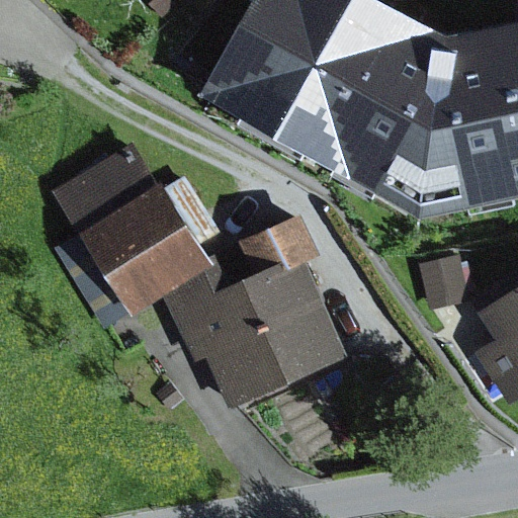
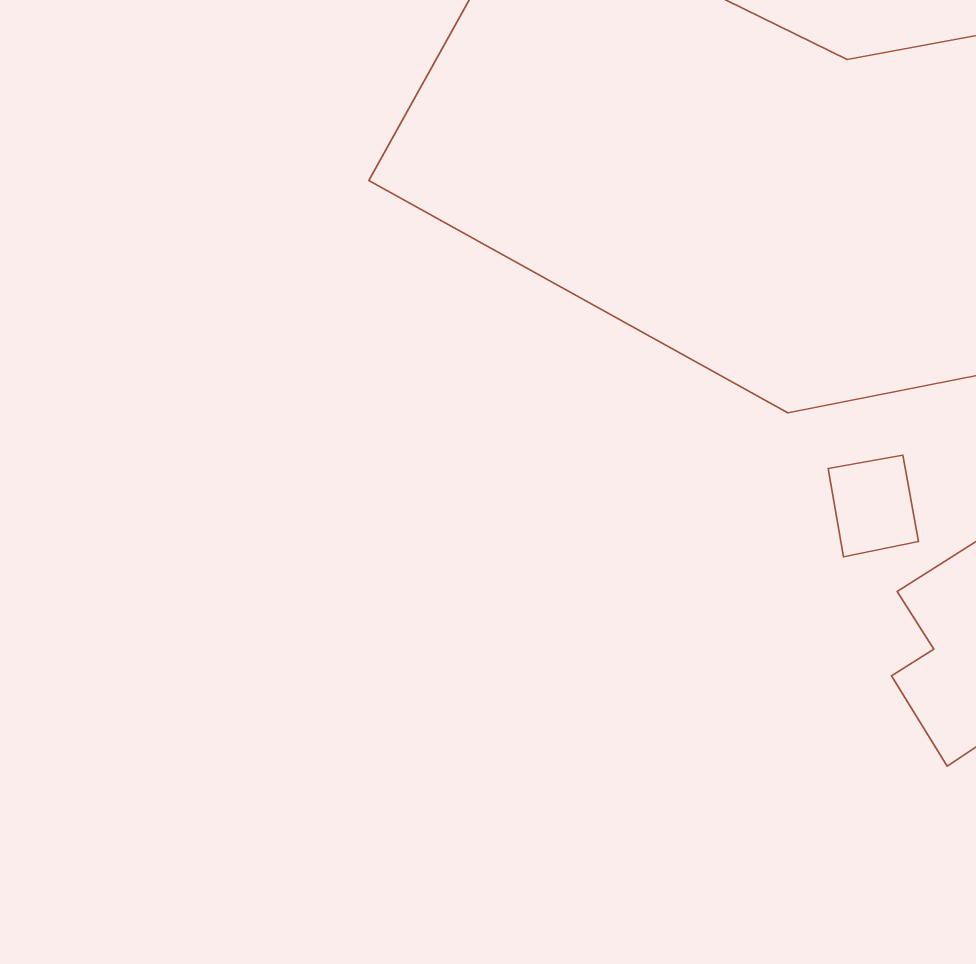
building: [57,148,207,309] -> none
building: [174,215,350,416] -> none

